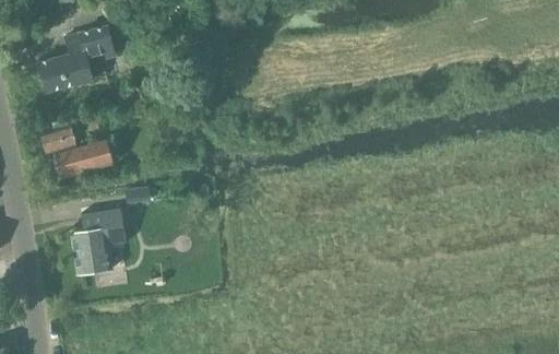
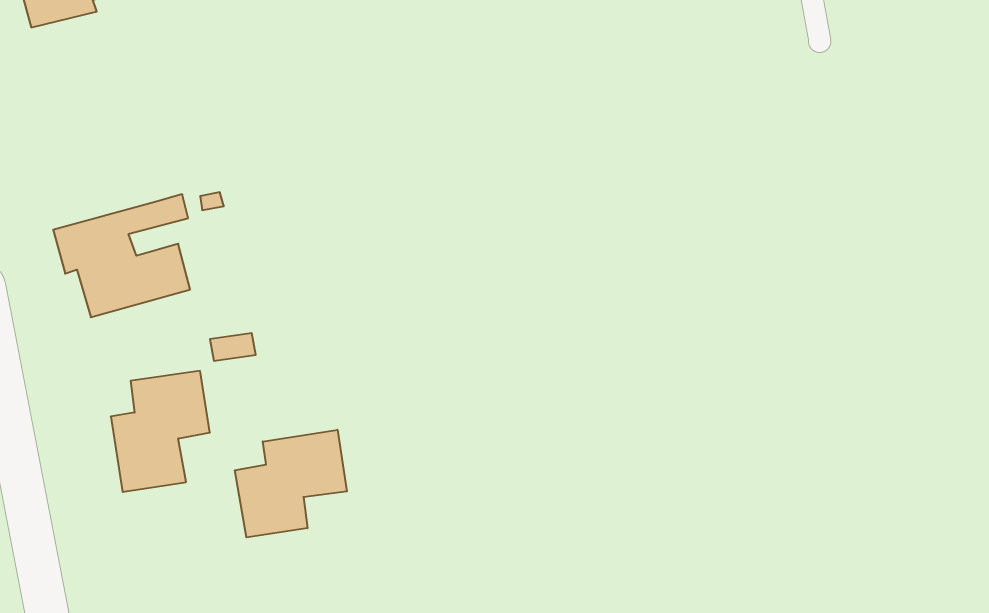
building: [37,26,115,91] -> none
building: none -> [235,430,347,537]

